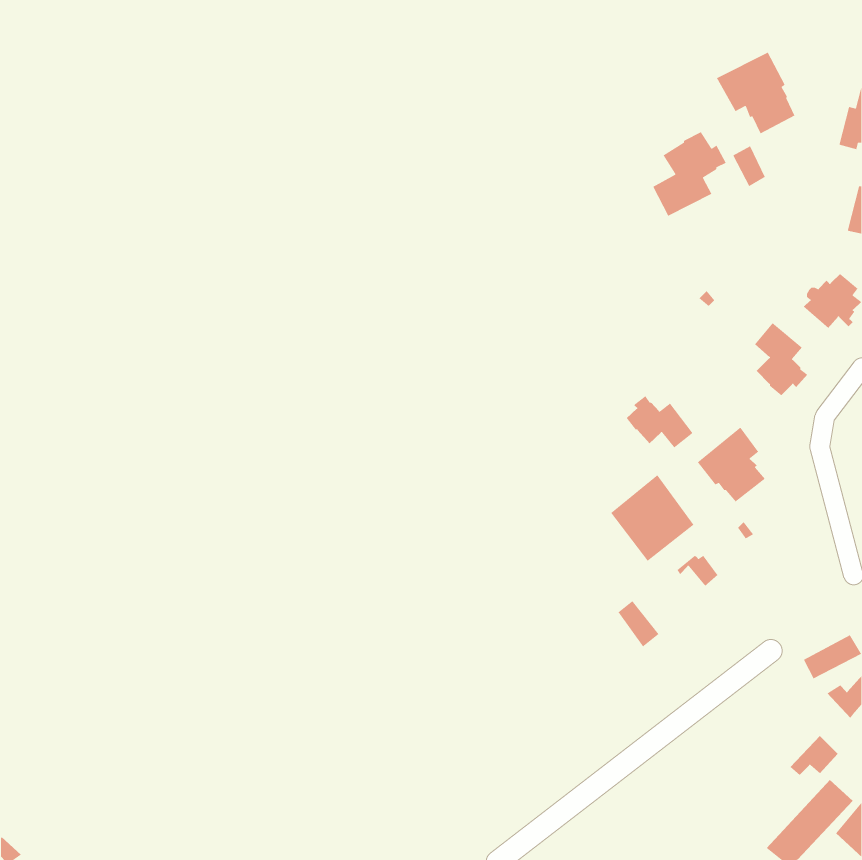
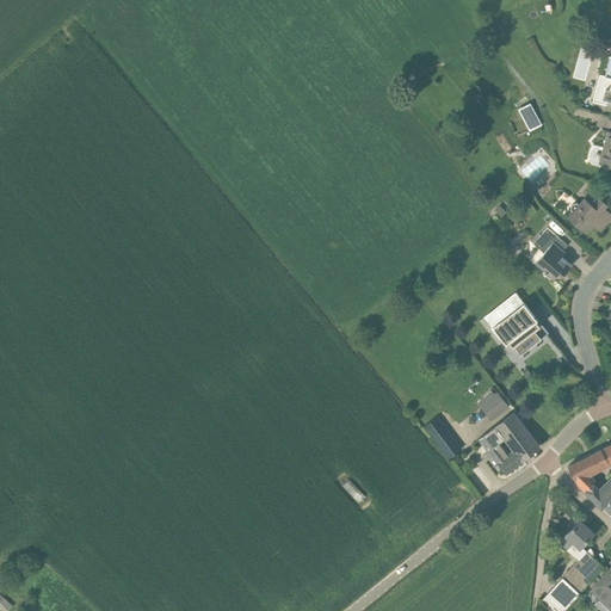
building: [716,52,795,135] -> none
building: [652,131,727,217] -> none
building: [626,395,694,448] -> none
building: [610,474,695,562] -> [480,413,539,475]

